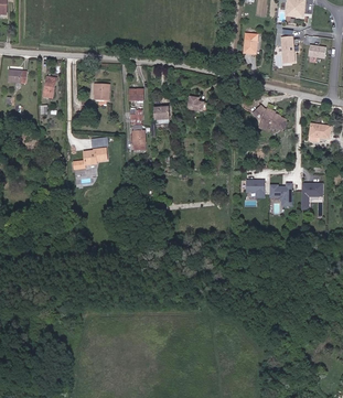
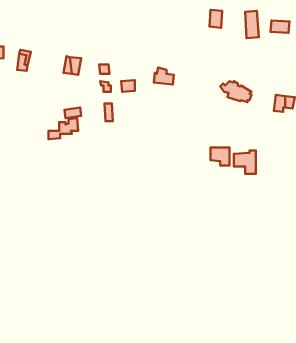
building: [301,181,323,208] -> none

